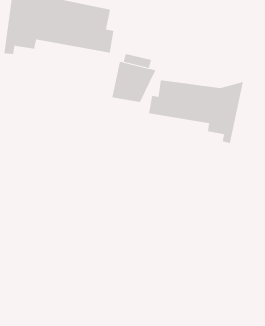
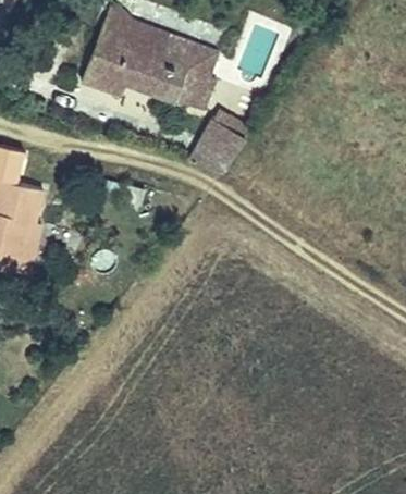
building: [148,80,244,144] -> none

